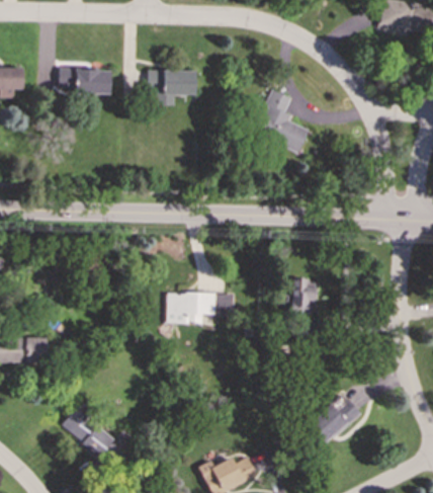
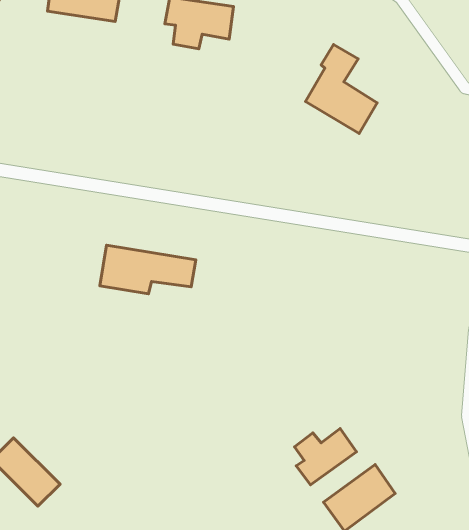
building: [291,278,315,314] -> none
building: [166,292,234,323] -> [100,245,196,294]
building: none -> [295,428,356,485]

